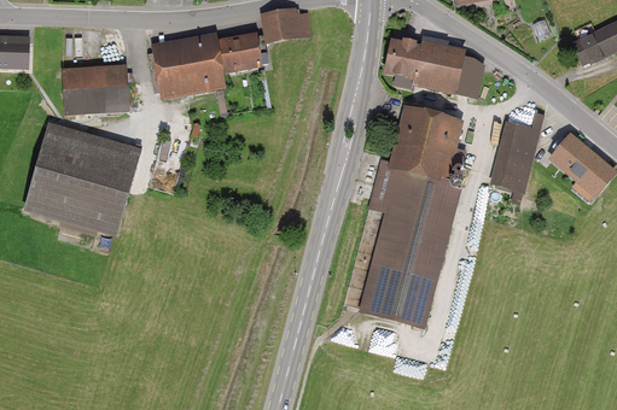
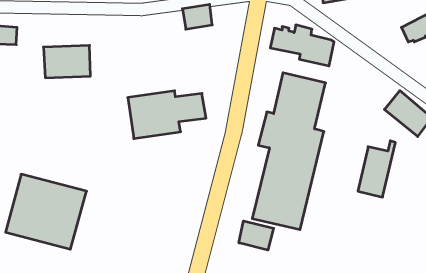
building: [153,30,264,98] -> [128,91,206,139]
building: [490,111,543,191] -> [358,141,395,197]
building: [25,123,140,229] -> [6,174,87,249]
building: none -> [239,221,274,250]

